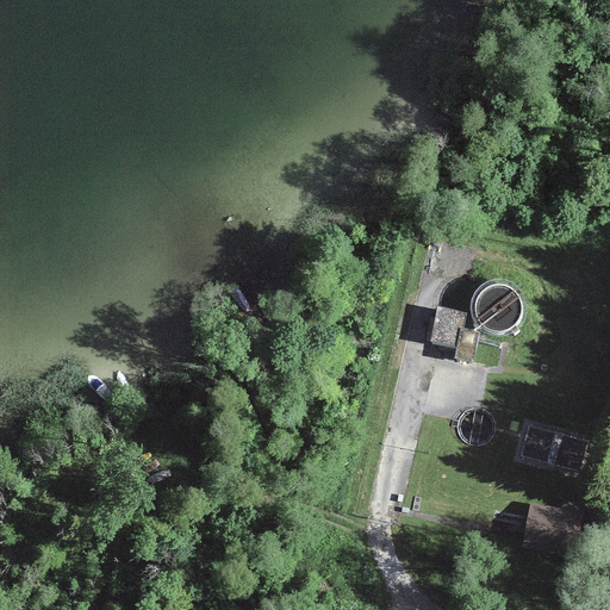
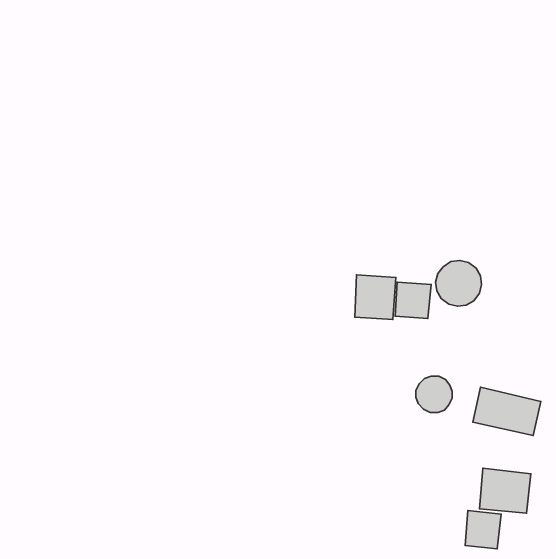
building: none -> [355,275,396,320]
building: none -> [465,511,501,549]

